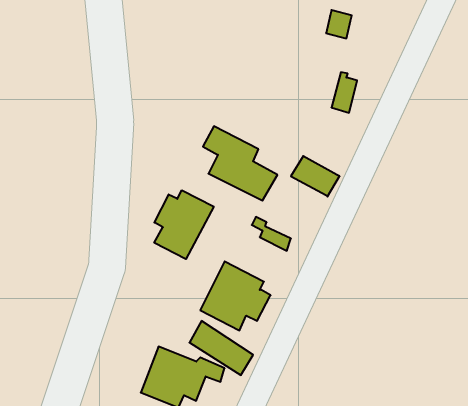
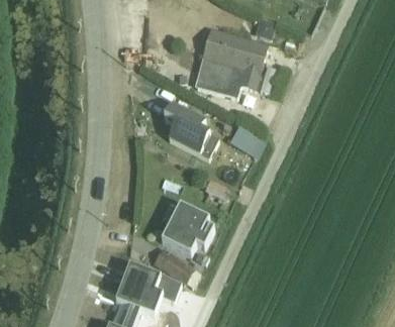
building: none -> [194,28,265,96]
building: [154,190,214,259] -> none

